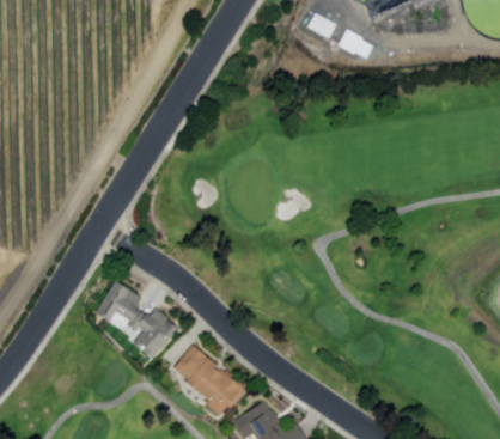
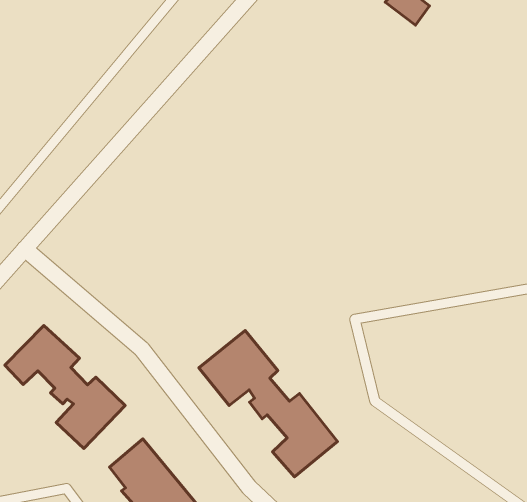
building: none -> [199,331,337,477]

